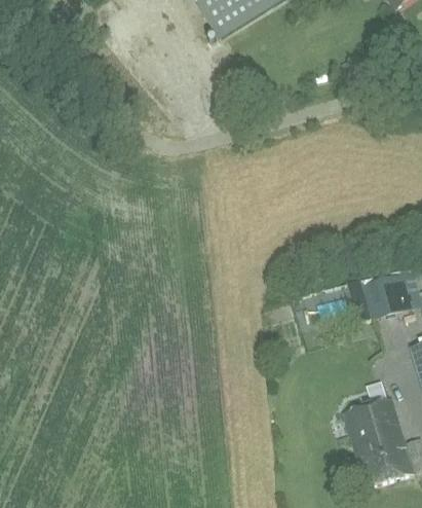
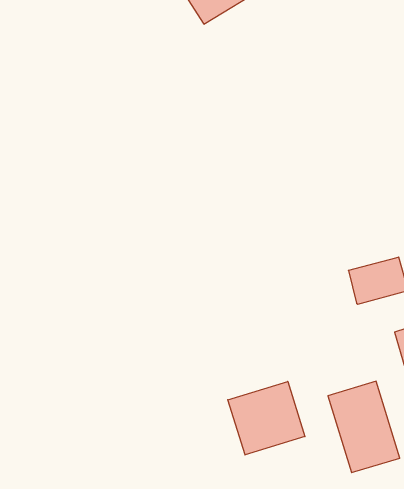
building: none -> [228,381,305,455]

